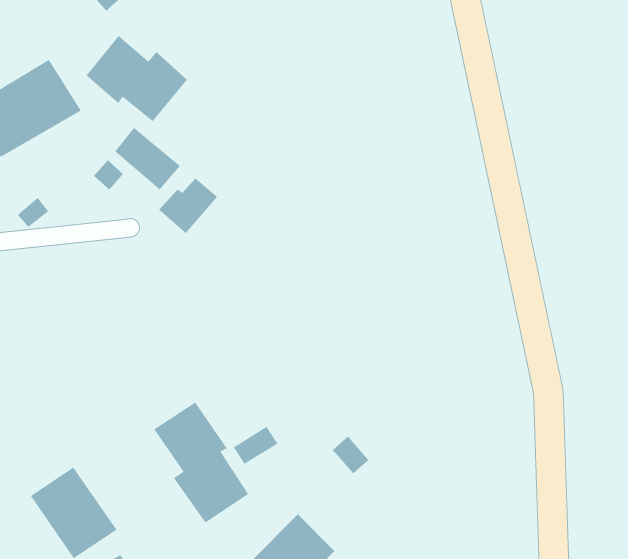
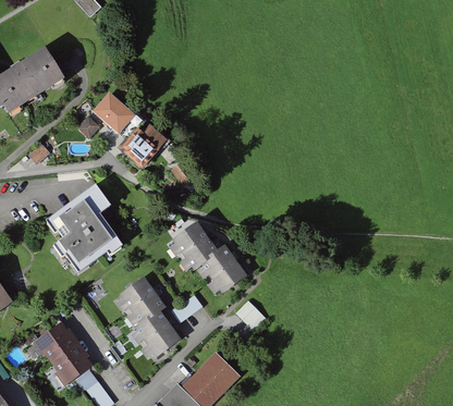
building: [85,35,188,122] -> none
building: none -> [47,184,125,271]
building: none -> [169,220,247,294]

